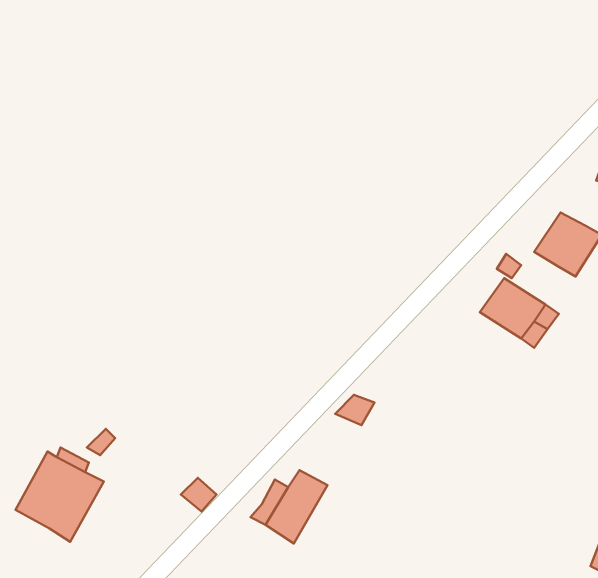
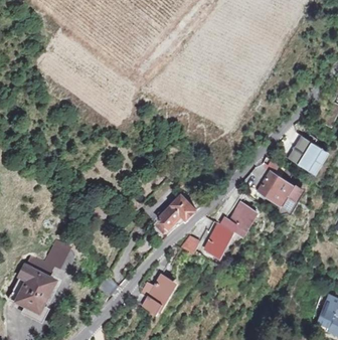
building: none -> [156,195,196,232]
building: none -> [206,202,257,257]

